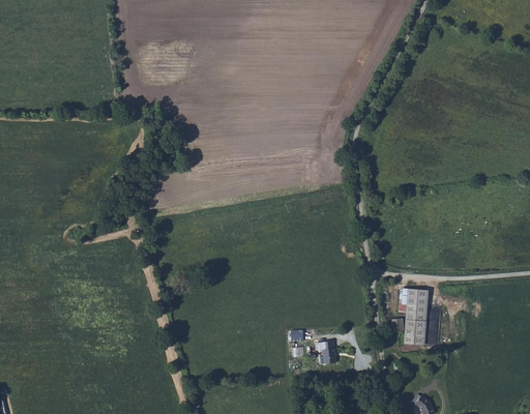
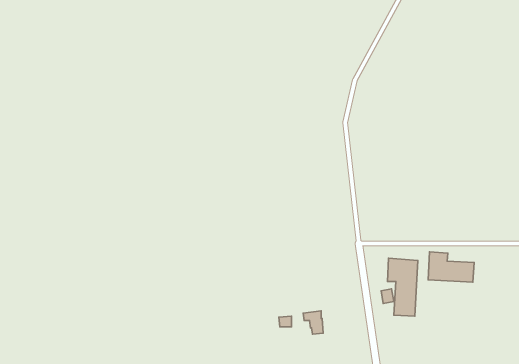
building: none -> [428,252,474,282]

